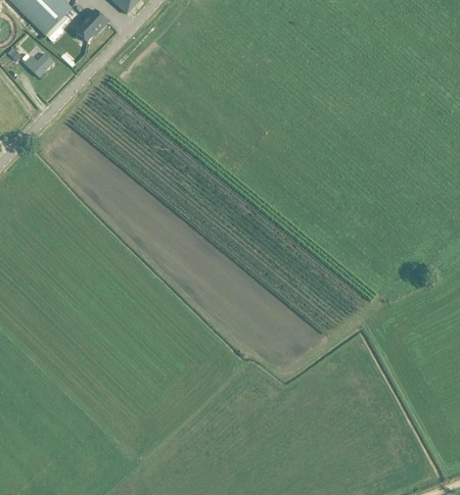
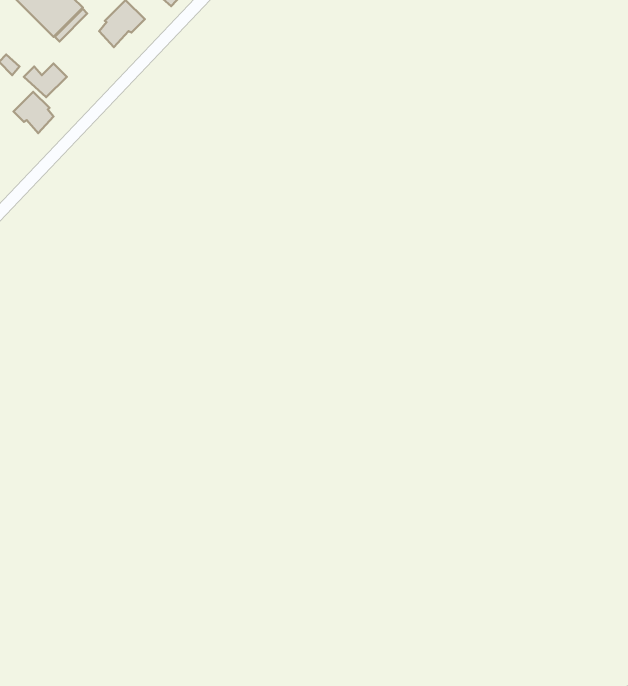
building: none -> [13,92,53,133]

